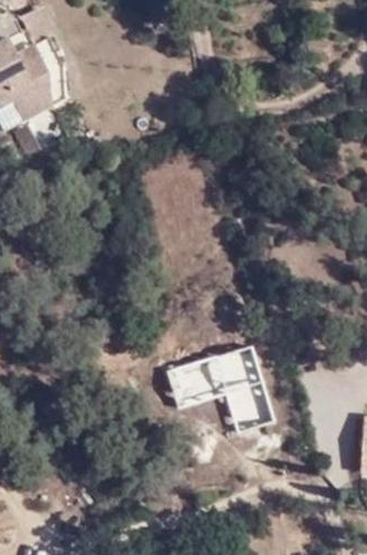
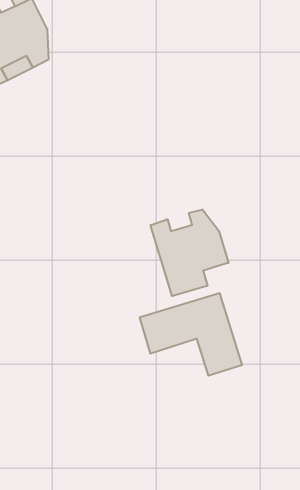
building: none -> [151,209,228,296]

